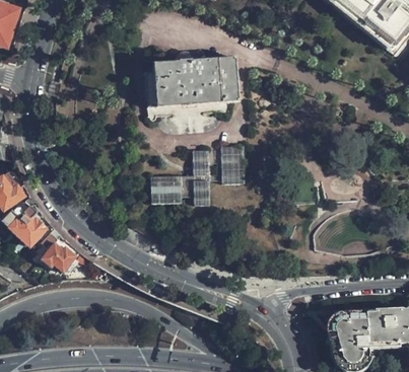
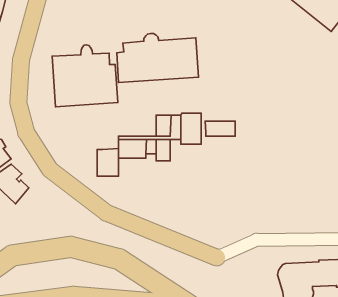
building: none -> [52,45,118,107]
building: none -> [205,121,235,136]
building: none -> [97,148,118,176]
building: [40,233,76,274] -> none

